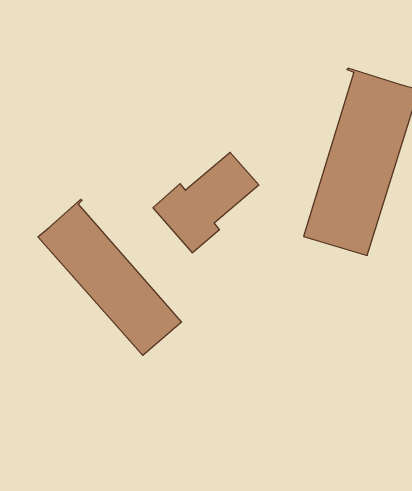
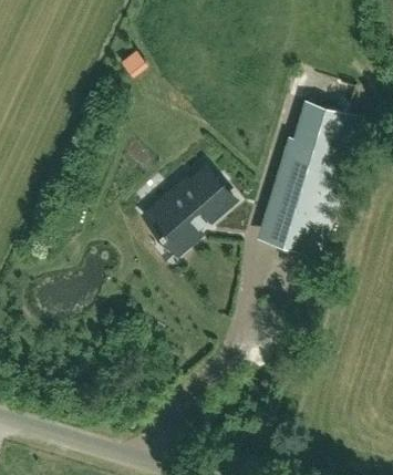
building: [38,199,182,355] -> none

